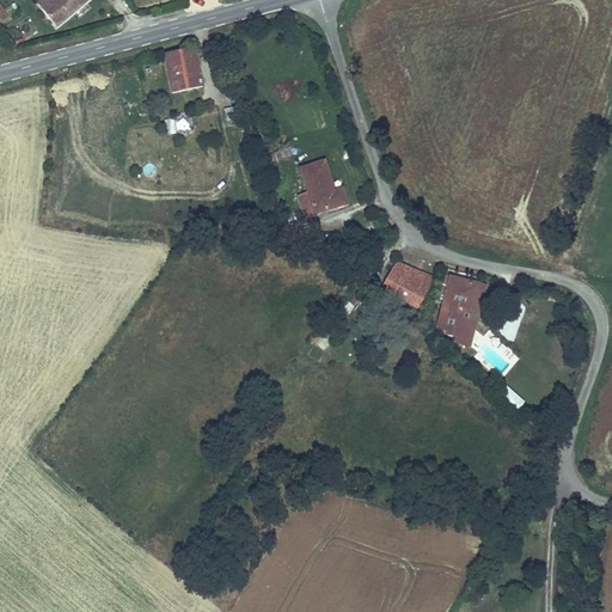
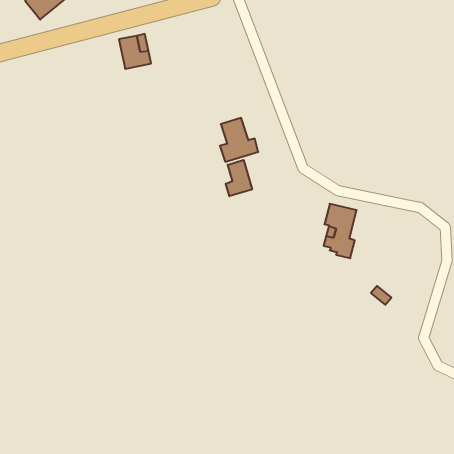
building: none -> [226,160,252,196]
building: [380,259,437,311] -> none

